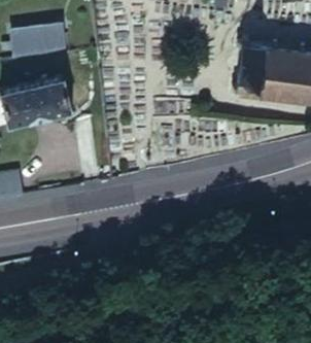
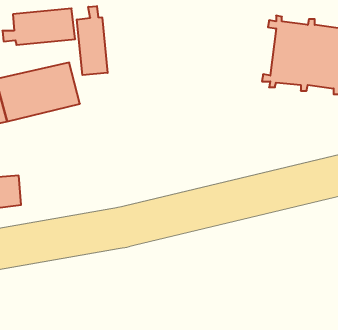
building: none -> [77,6,108,75]

